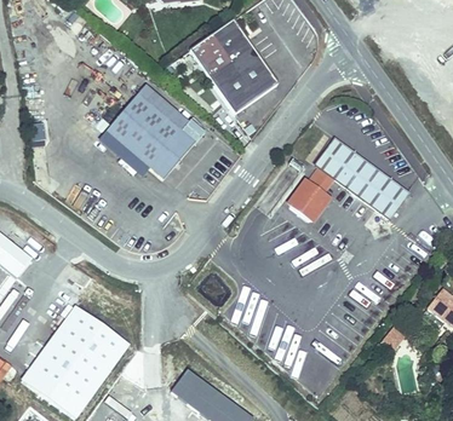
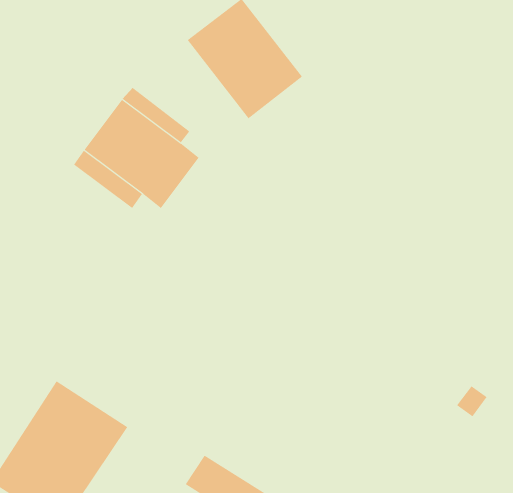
building: [285,137,409,221] -> none

